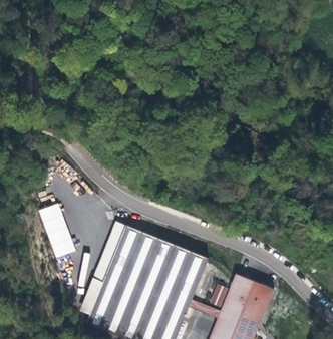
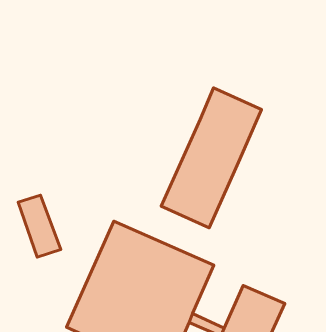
building: none -> [161,88,262,228]

